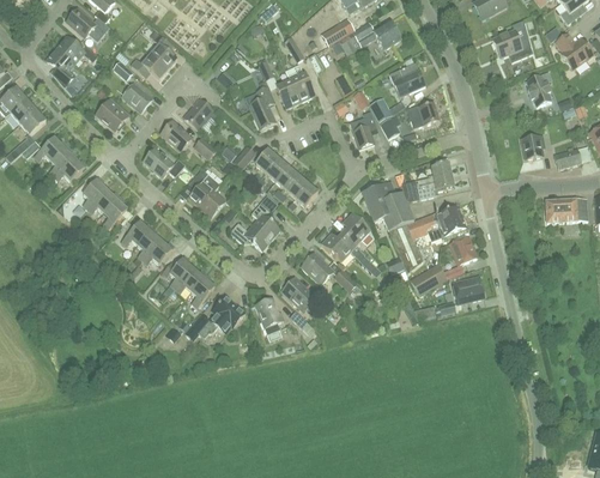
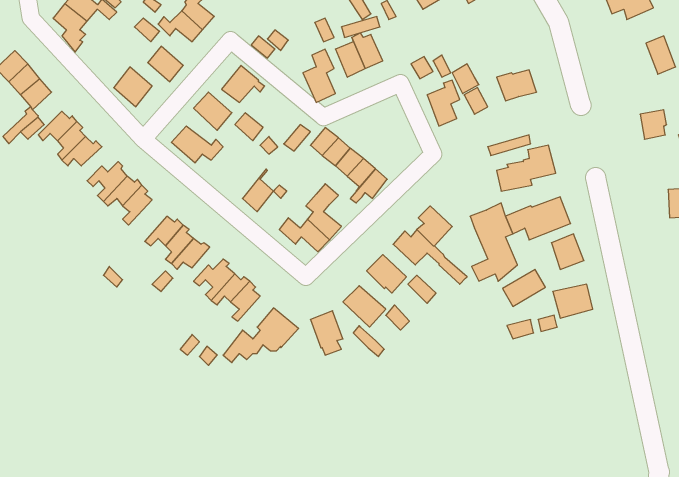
building: [389,61,425,91] -> none
building: [188,168,219,206] -> none
building: [363,181,410,220] -> none

